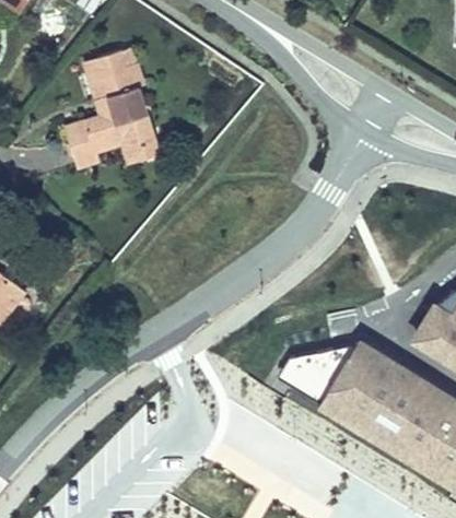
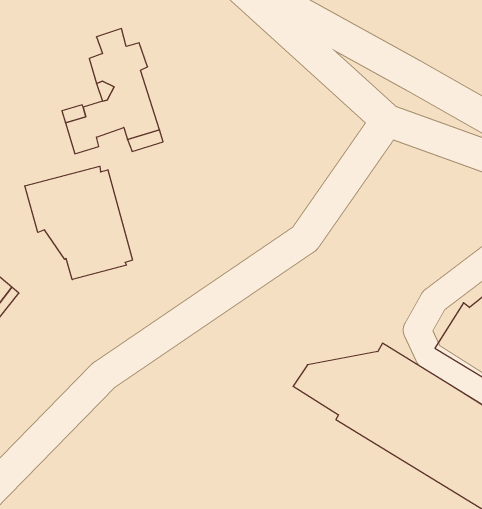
building: none -> [25,166,133,280]

